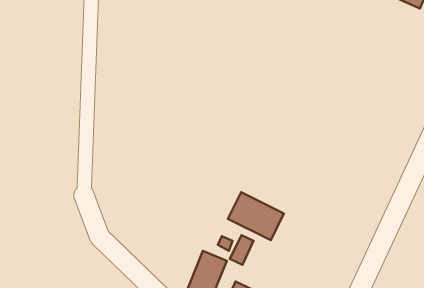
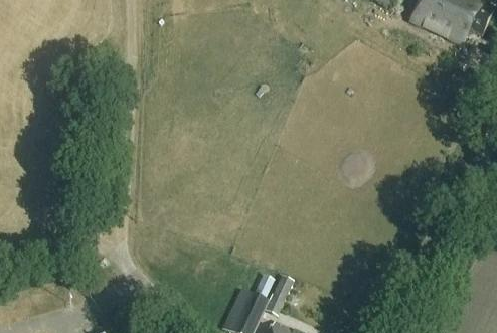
building: [228,192,284,240] -> none

